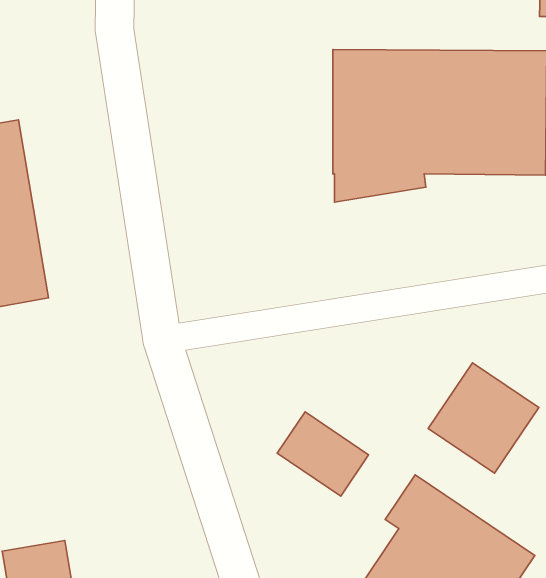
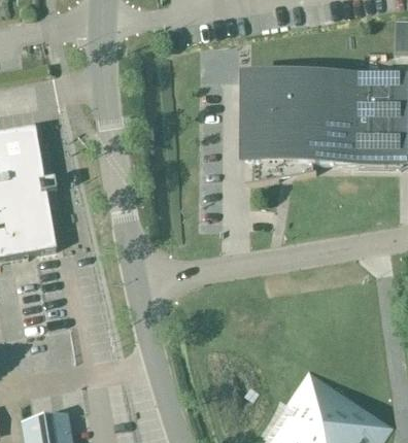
building: [428,363,539,473] -> none
building: [277,412,369,496] -> none

